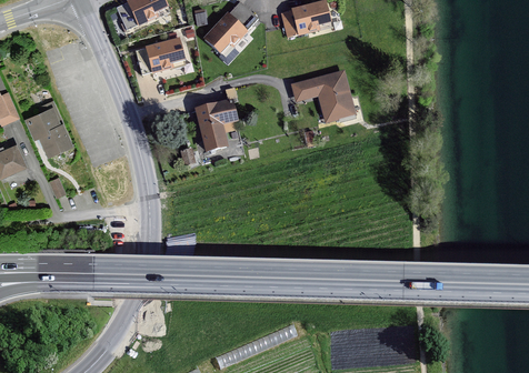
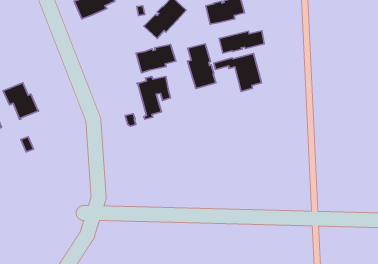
building: [134,39,184,74] -> [136,44,176,73]
building: none -> [219,31,264,53]
building: none -> [187,44,216,88]

